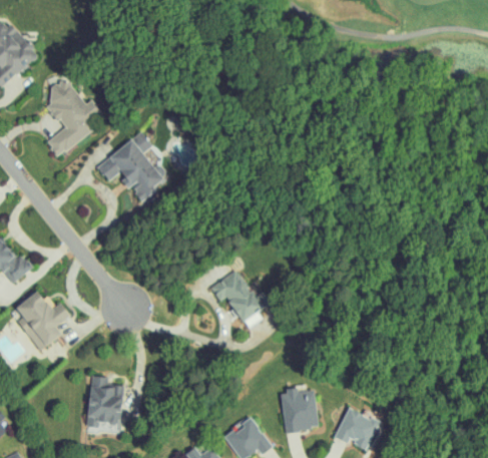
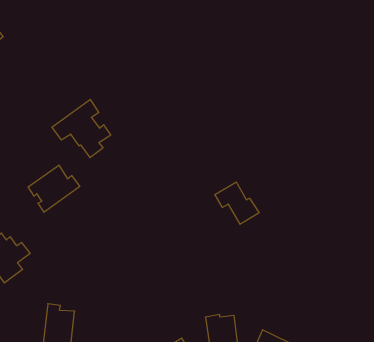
building: [43,74,100,156] -> none
building: none -> [28,165,80,212]
building: [209,271,263,321] -> [215,182,259,224]

